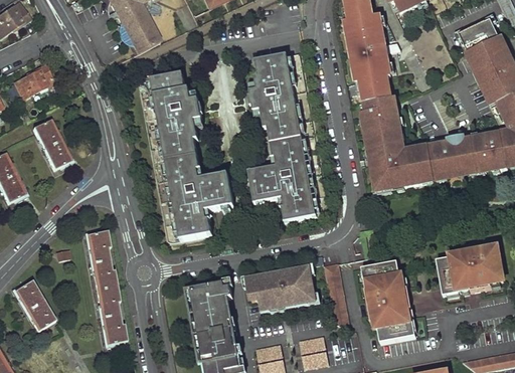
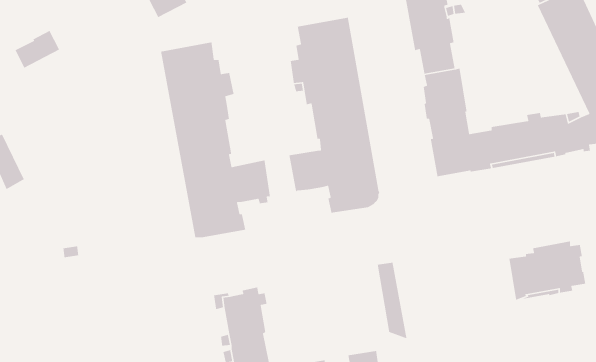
building: [34,119,69,167] -> none
building: [87,232,125,342] -> none
building: [361,260,415,342] -> none
building: [248,267,315,311] -> none
building: [15,281,53,329] -> none

